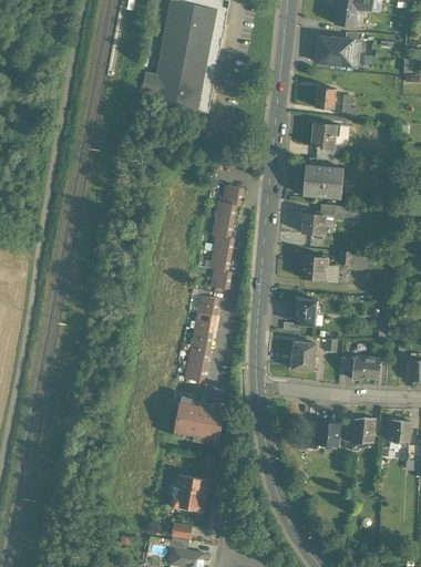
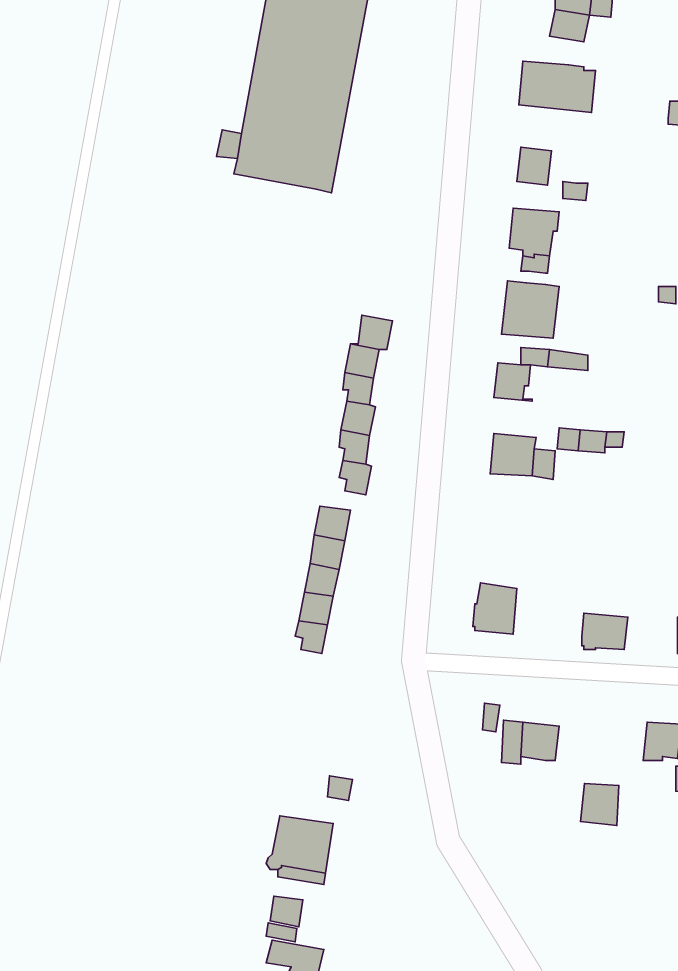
building: [294,297,317,324] -> none
building: [173,395,224,444] -> none
building: [351,419,373,443] -> [581,783,619,825]

